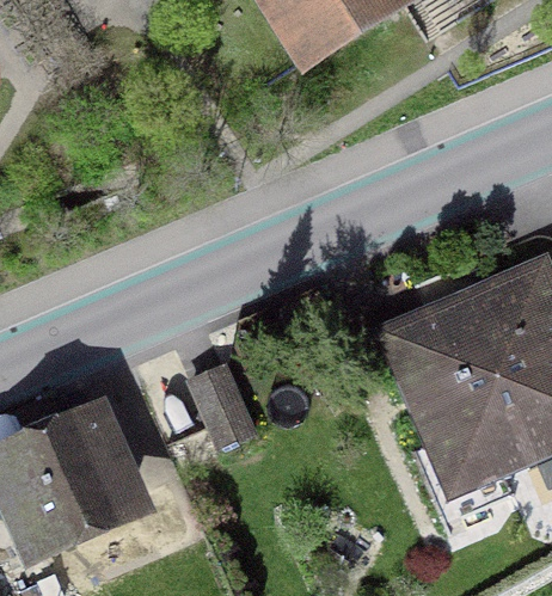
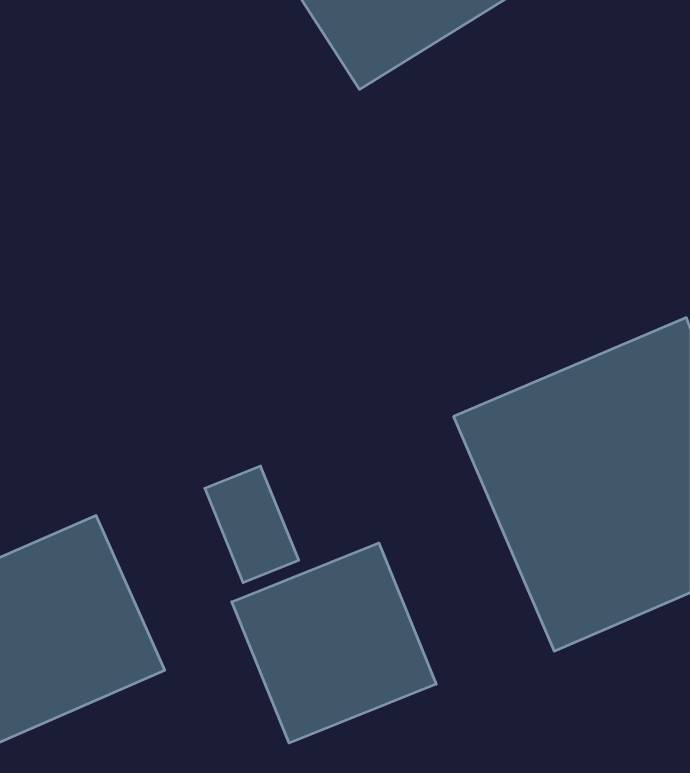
building: none -> [232,543,436,743]

